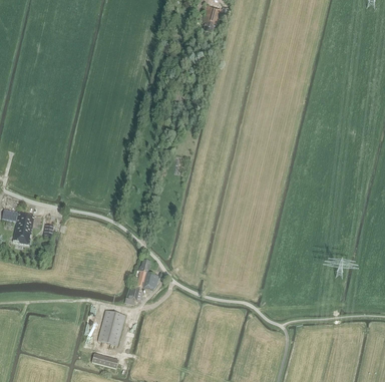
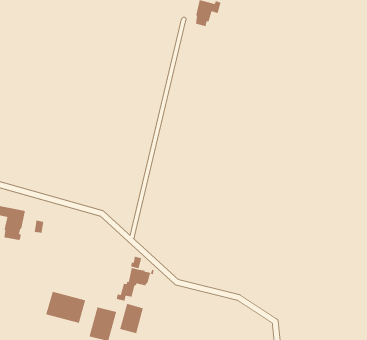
building: none -> [45,291,86,324]
building: none -> [119,303,144,334]

